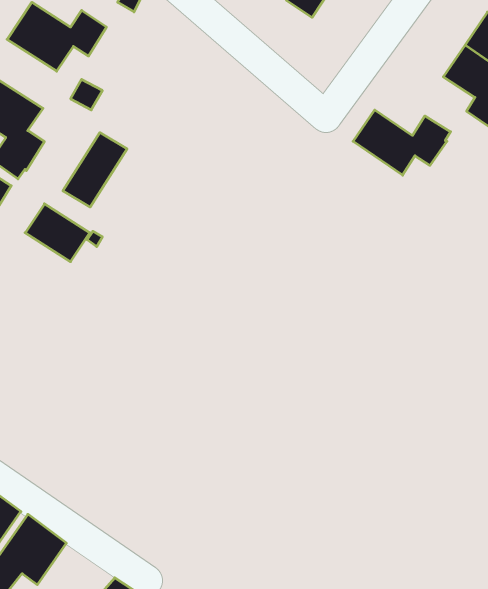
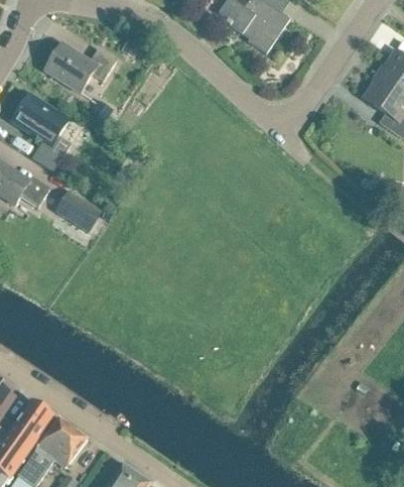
building: [353,110,451,175] -> none
building: [63,133,127,207] -> none

